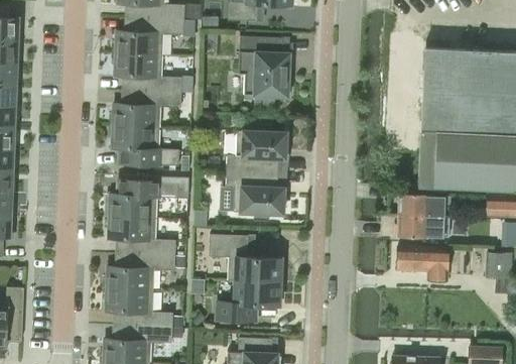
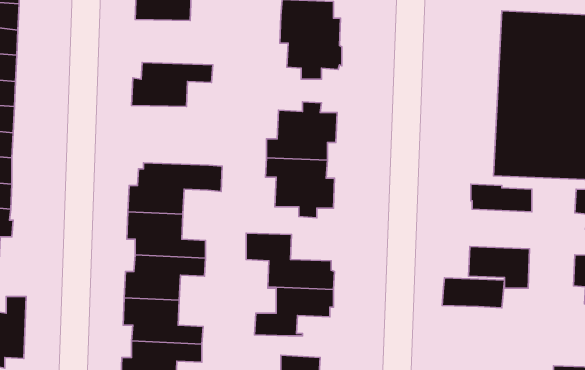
building: [115,53,181,92] -> none
building: [112,126,179,165] -> none
building: [398,214,450,239] -> [442,278,504,308]

